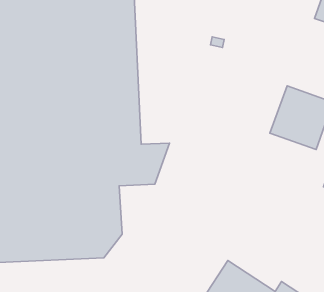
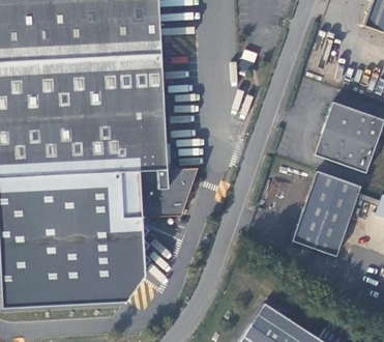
building: none -> [293,169,362,255]

